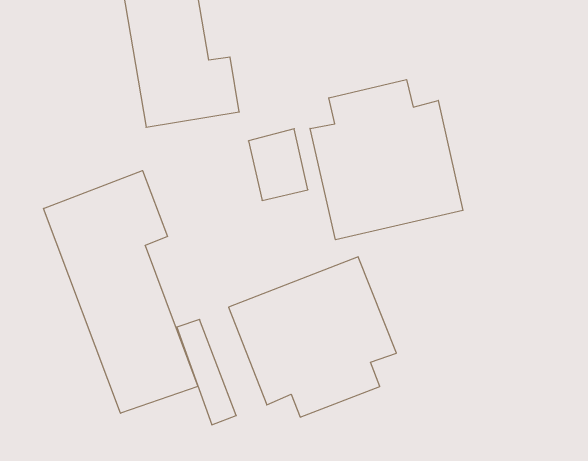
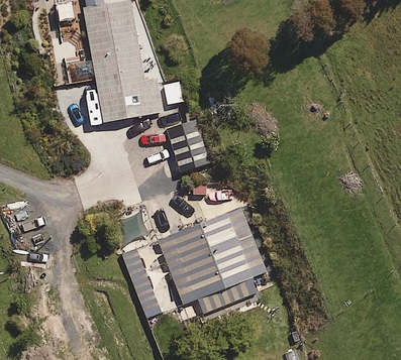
building: [310,80,463,240] -> none
building: [44,171,198,413] -> none

